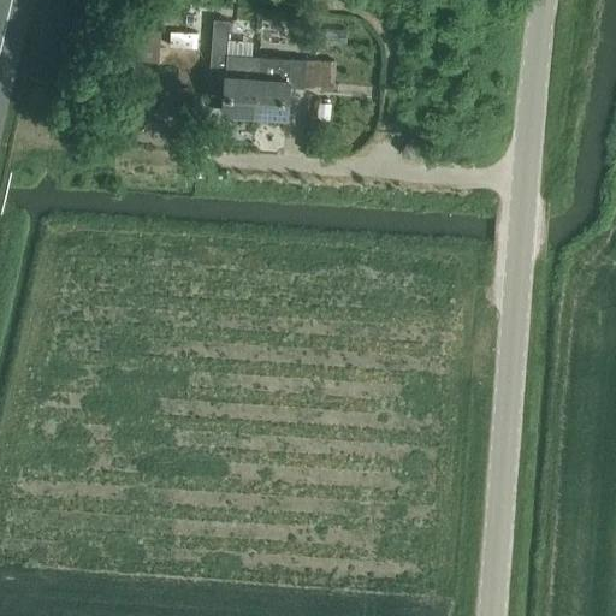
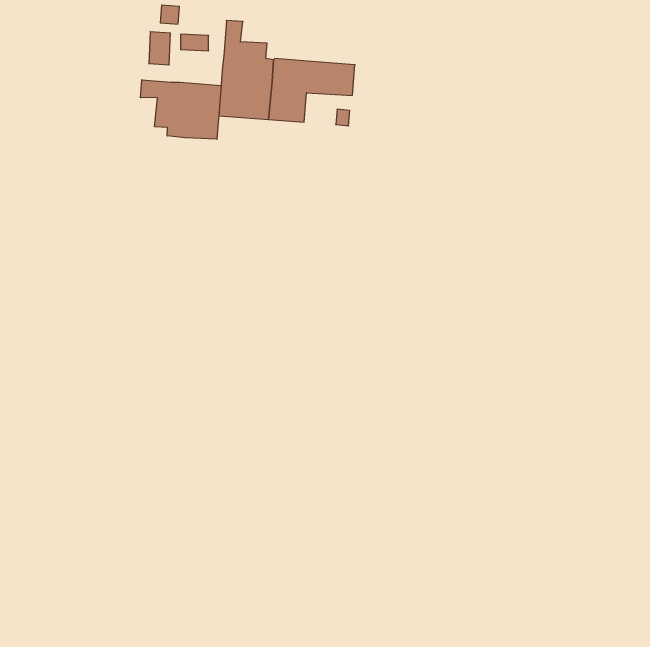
building: none -> [140,80,221,139]

